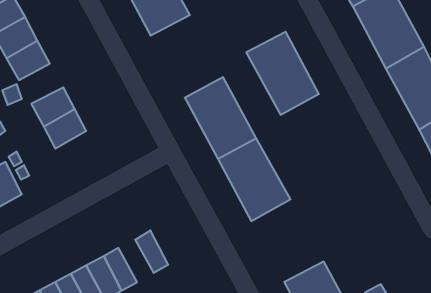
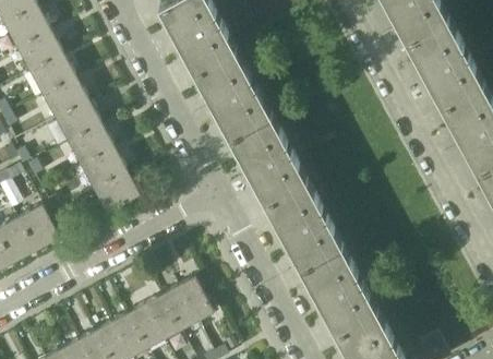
building: [246,32,319,115] -> [192,50,268,137]
building: none -> [53,101,100,144]
building: none -> [92,172,137,214]
building: none -> [298,244,374,332]
building: none -> [158,287,195,332]

